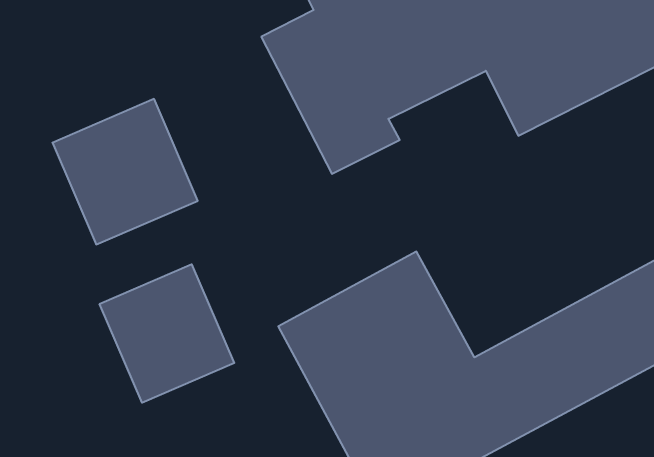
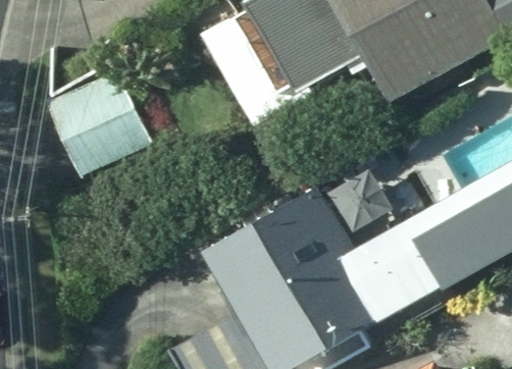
building: [100,264,234,403] -> none

